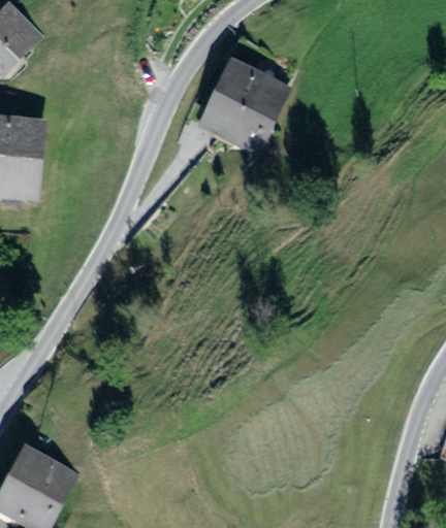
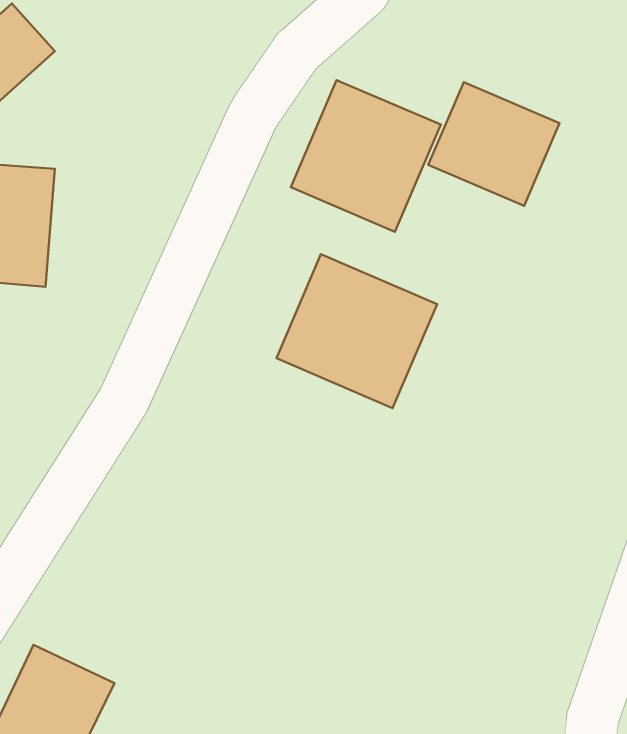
building: none -> [428,82,560,206]
building: none -> [276,254,437,408]

